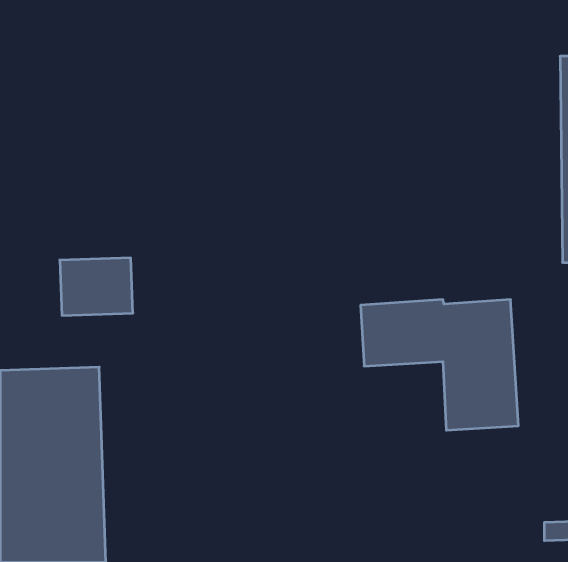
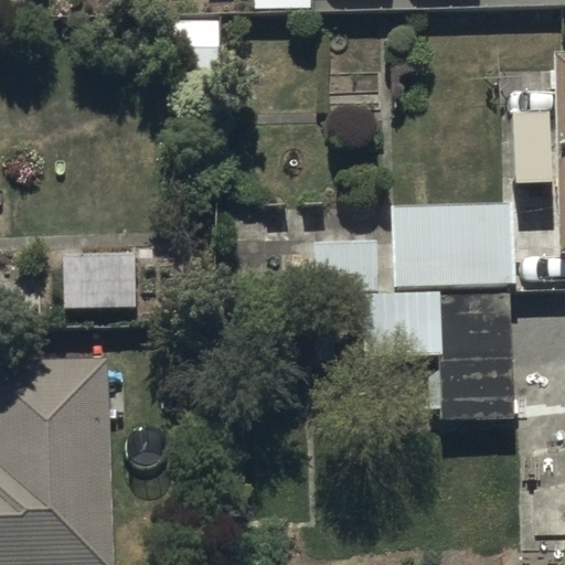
building: none -> [316,206,513,289]

